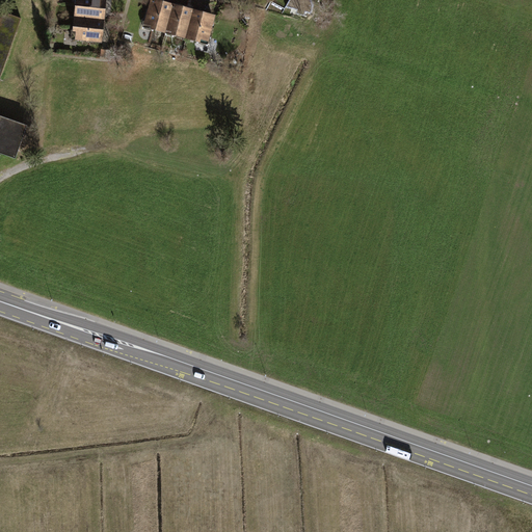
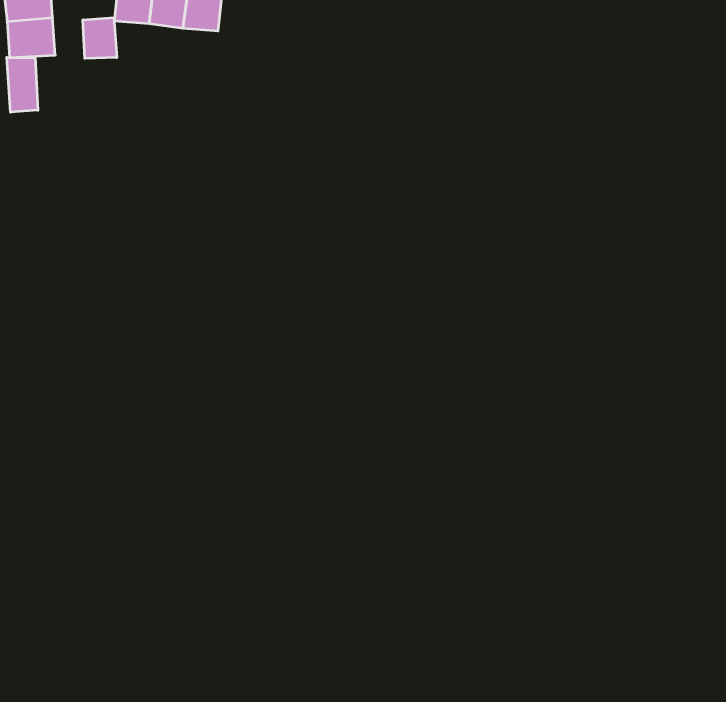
building: none -> [83,18,117,58]
building: none -> [7,57,38,112]

